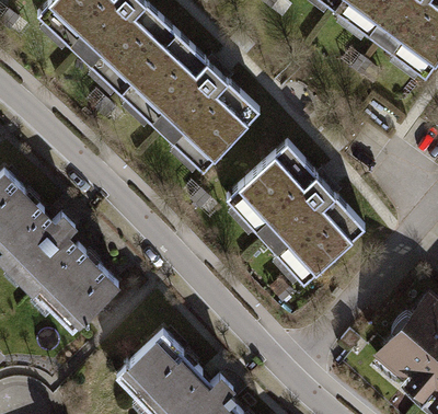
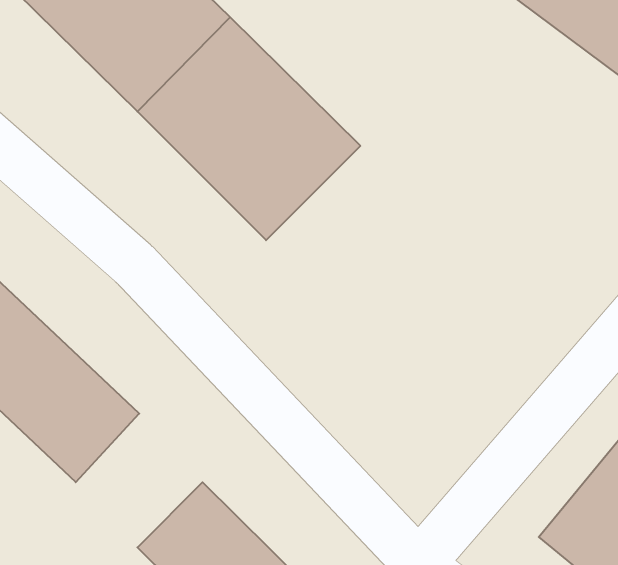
building: [230,148,369,288] -> none

